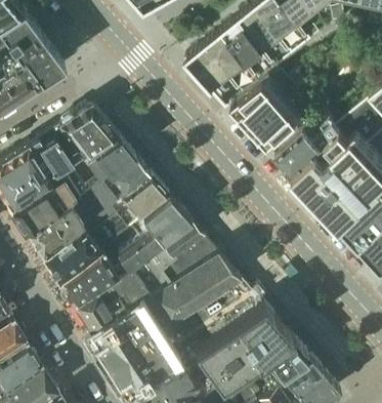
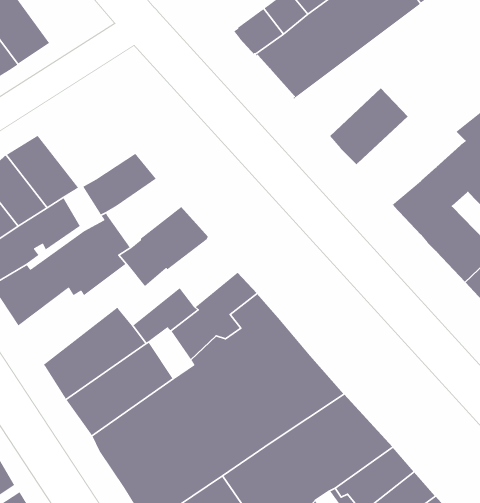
building: [230,80,285,131] -> none
building: [54,110,120,166] -> none
building: [275,125,341,177] -> none
building: [100,160,151,200] -> none
building: [141,199,188,246] -> none
building: [41,217,126,285] -> none

